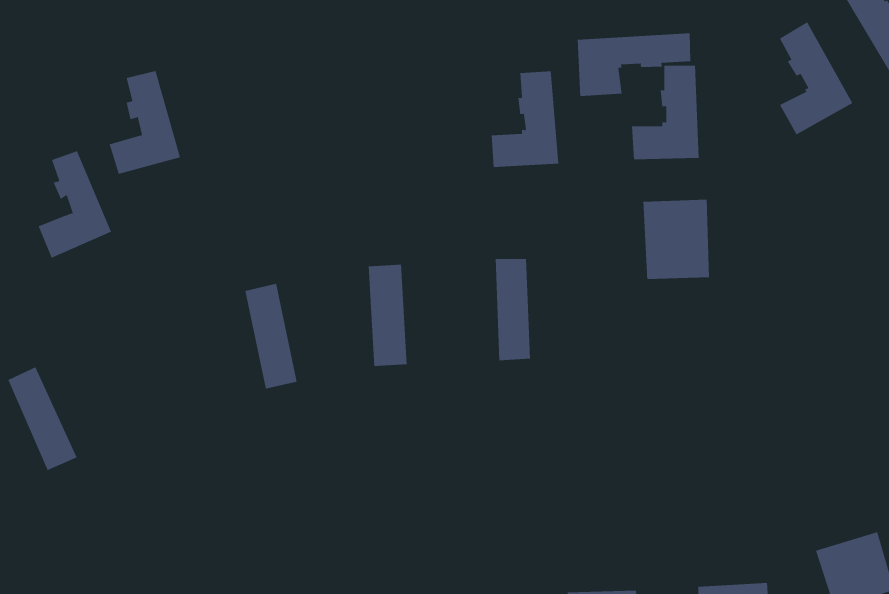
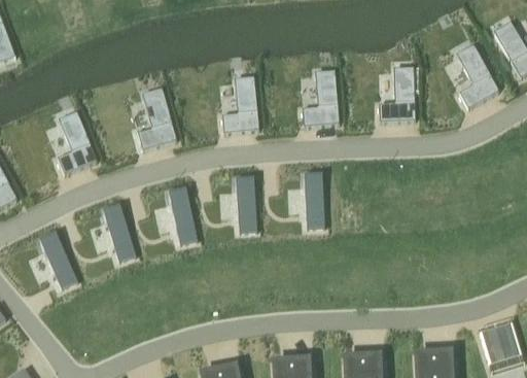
building: [577,32,691,97] -> none
building: [109,70,181,175] -> [136,91,175,147]
building: none -> [221,78,258,132]
building: [643,199,709,280] -> none
building: none -> [102,205,135,262]

